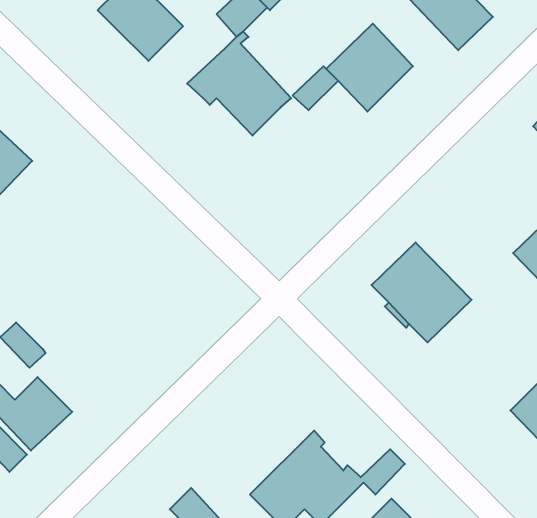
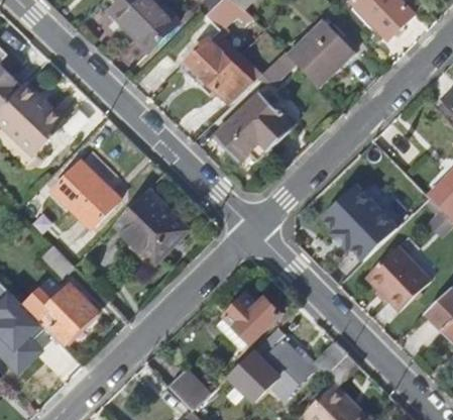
building: none -> [216,93,293,161]
building: none -> [50,162,119,230]
building: none -> [113,190,188,260]
building: none -> [365,245,430,311]
building: none -> [224,295,280,343]

